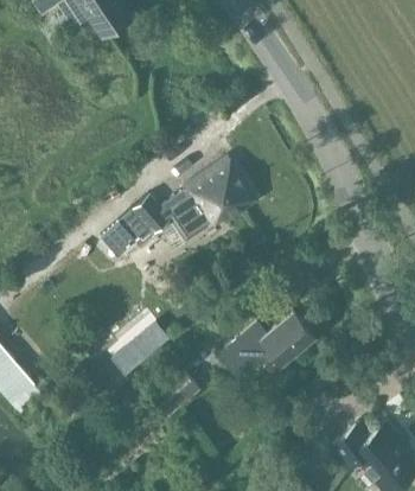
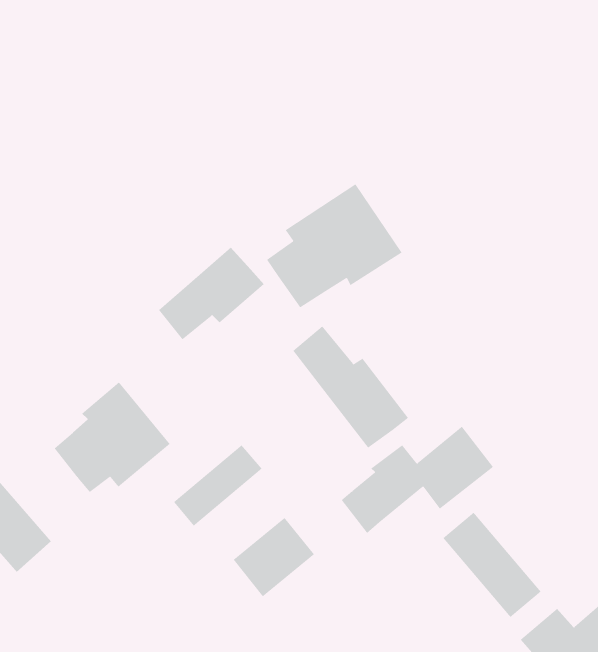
building: none -> [292,325,409,449]
building: none -> [54,381,170,493]
building: none -> [443,512,542,618]

